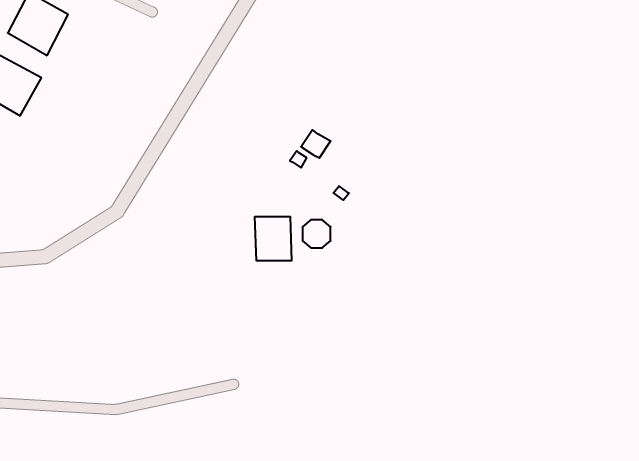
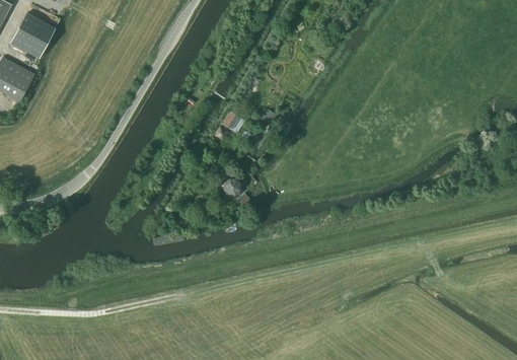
building: [255,217,292,261] -> none

